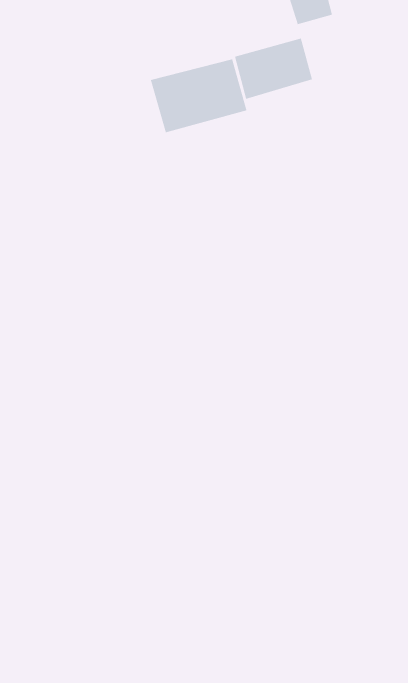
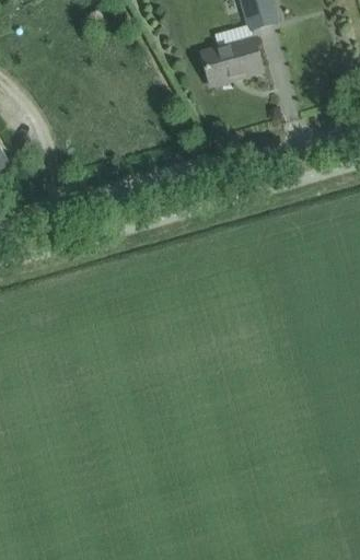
building: [150,58,247,133] -> none

